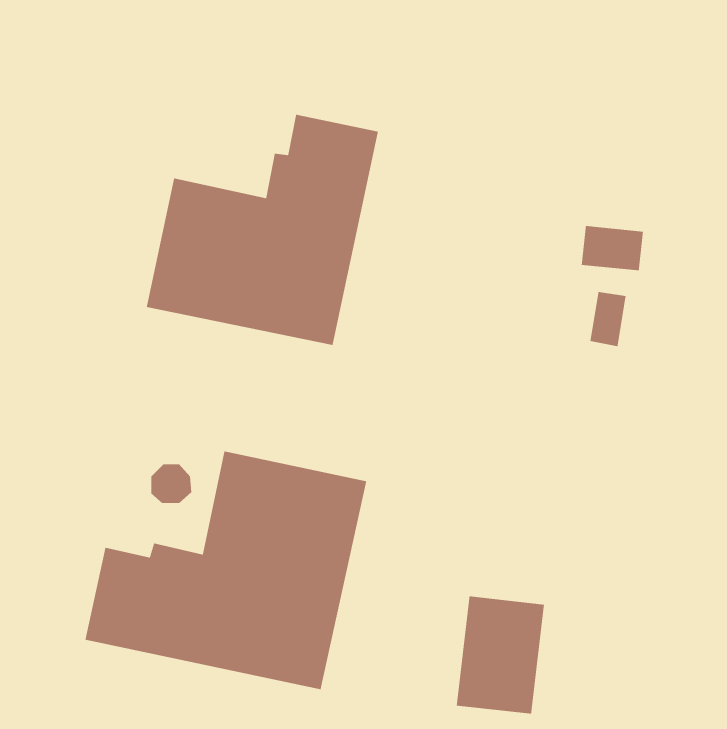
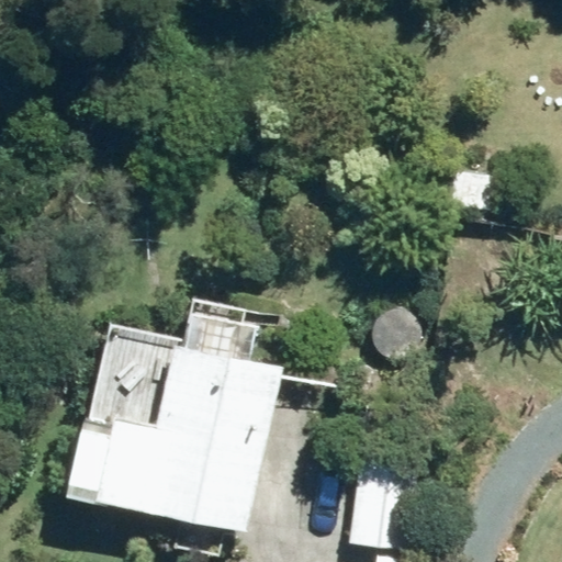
building: [146,114,379,346] -> none

